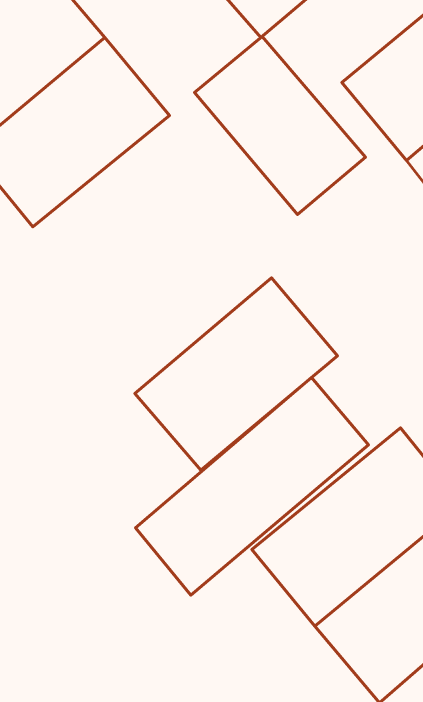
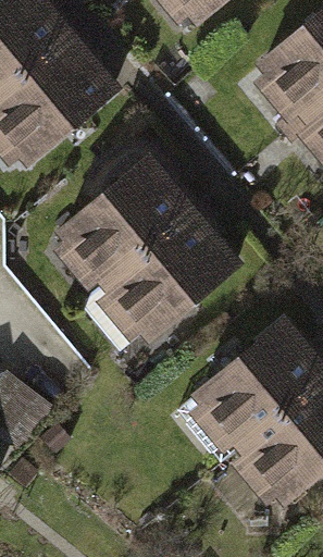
building: [194,36,365,215] -> none
building: none -> [54,151,200,290]
building: [135,378,368,595] -> none

